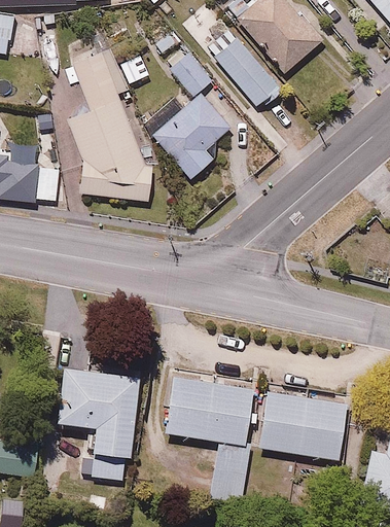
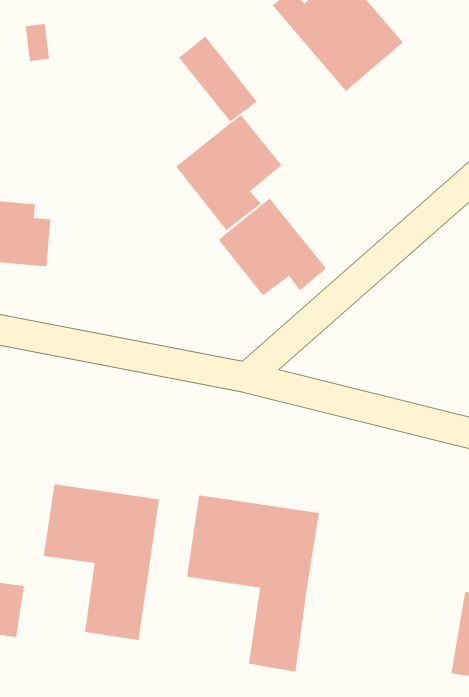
building: [206,28,284,111] -> none
building: [67,42,153,200] -> none
building: none -> [218,197,327,297]
building: [251,388,350,460] -> none

